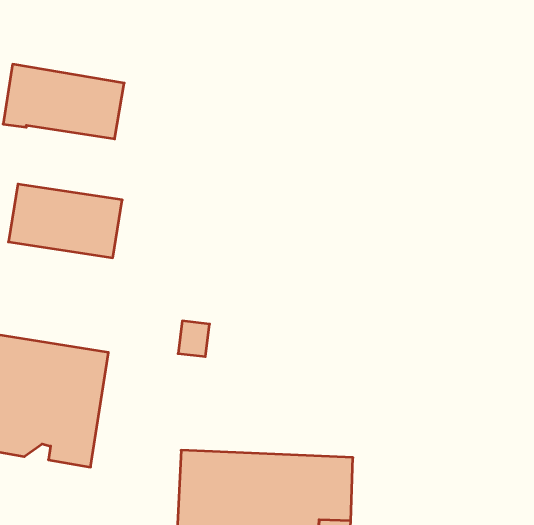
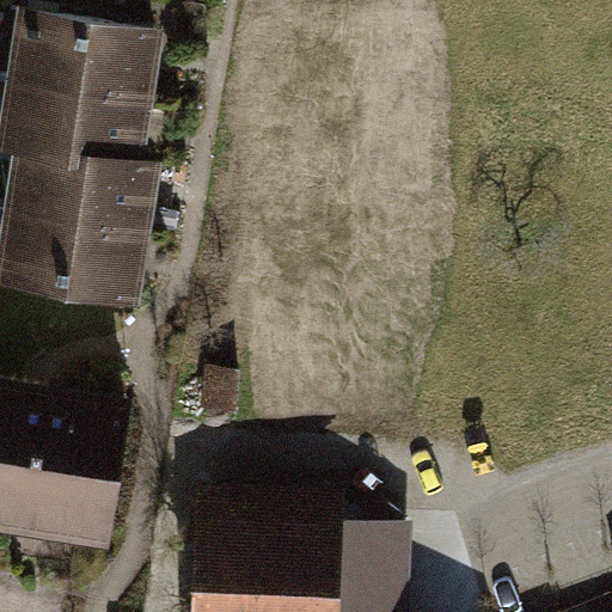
building: none -> [14,22,152,109]
building: none -> [20,157,149,241]

